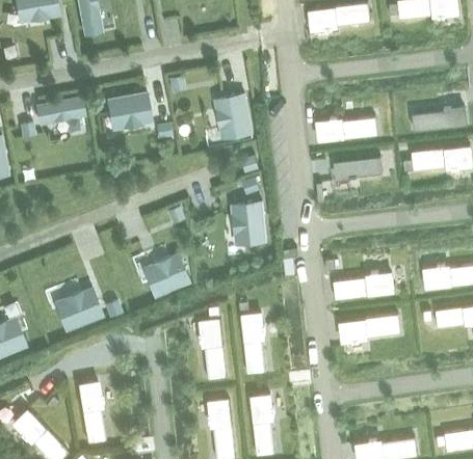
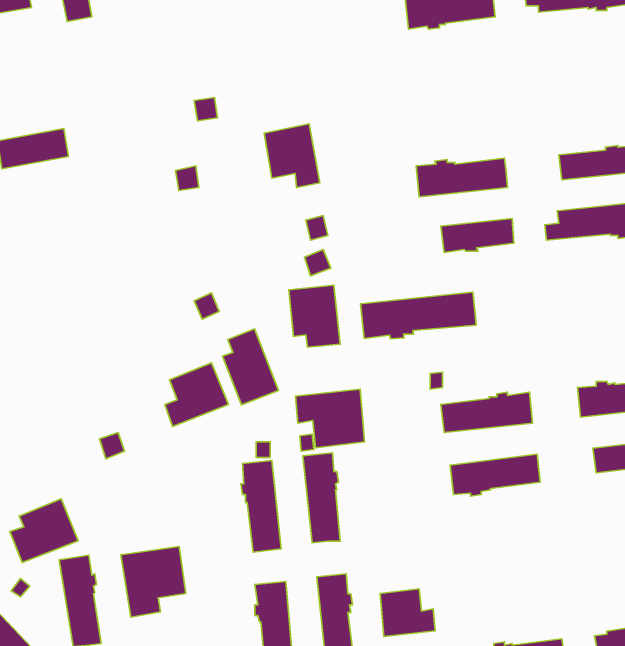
building: [107,92,152,128] -> none
building: none -> [361,292,476,339]
building: none -> [222,329,278,405]
building: none -> [295,389,365,448]
building: [57,288,103,330] -> [10,499,78,563]
building: none -> [121,546,186,617]
building: none -> [380,589,435,636]

